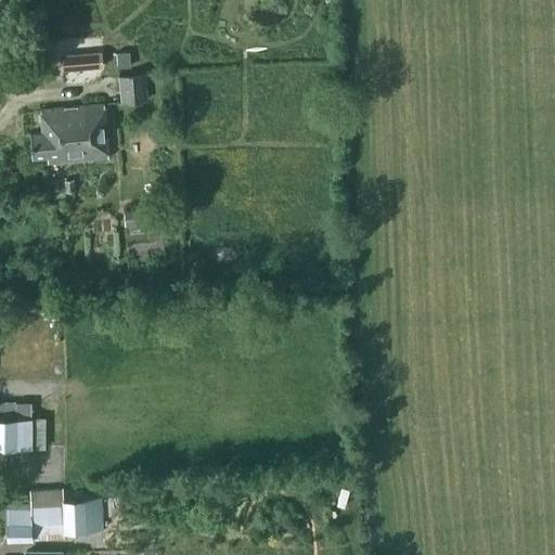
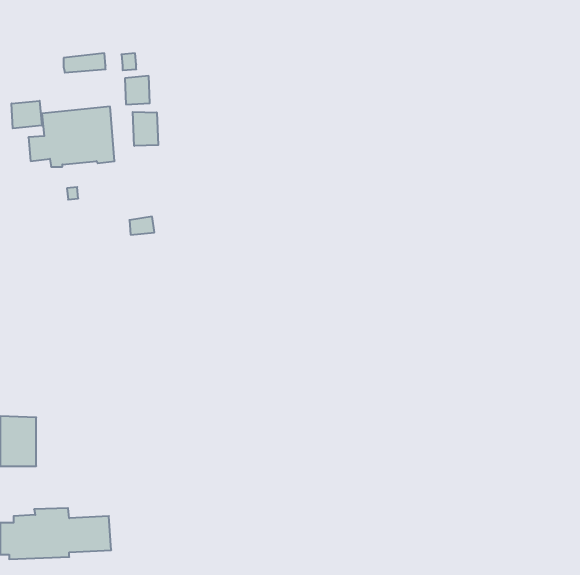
building: none -> [12,101,42,128]
building: none -> [133,112,158,146]

